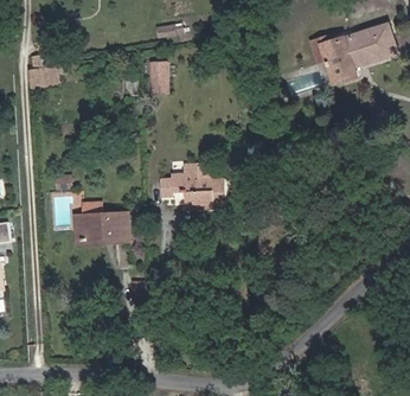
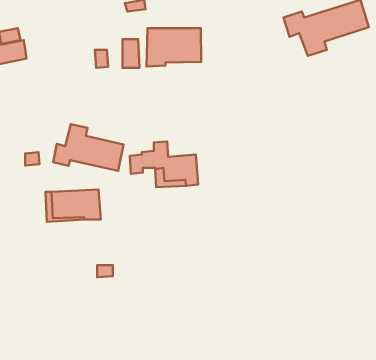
building: none -> [146,28,201,67]
building: none -> [53,124,124,171]

